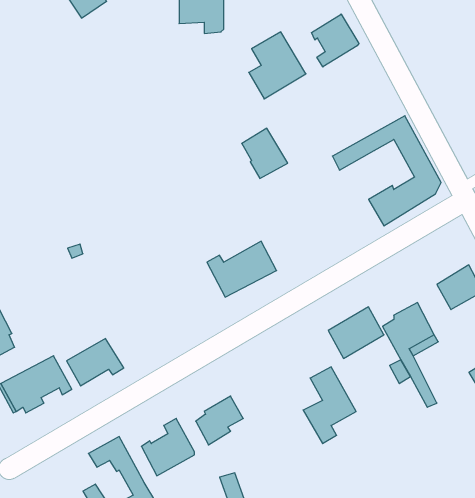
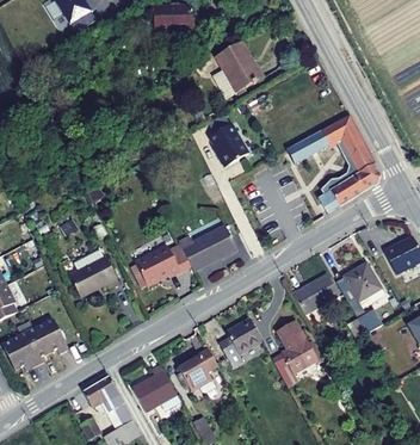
building: [312,14,359,67] -> none
building: none -> [141,241,187,282]
building: [67,339,124,386] -> [73,255,122,296]
building: none -> [214,322,257,372]

